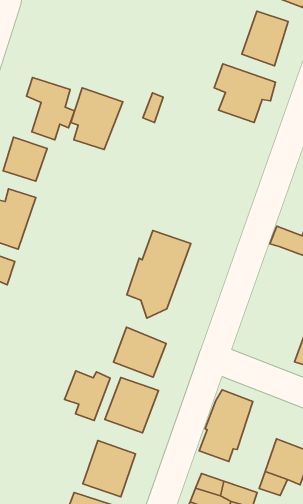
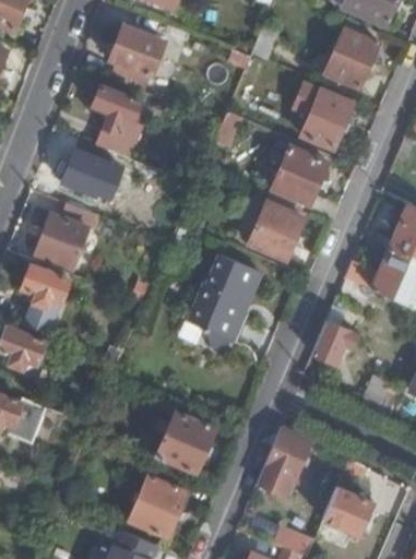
building: [71,88,123,149] -> [110,26,167,93]
building: none -> [272,147,340,223]
building: none -> [250,202,304,259]
building: none -> [312,278,357,364]
building: [113,327,166,377] -> none
building: [65,371,110,421] -> none

